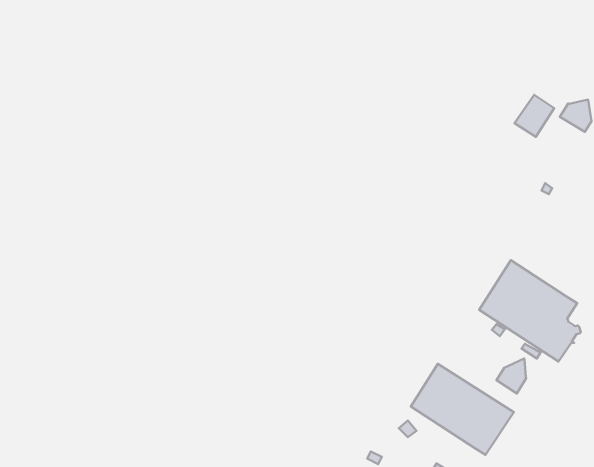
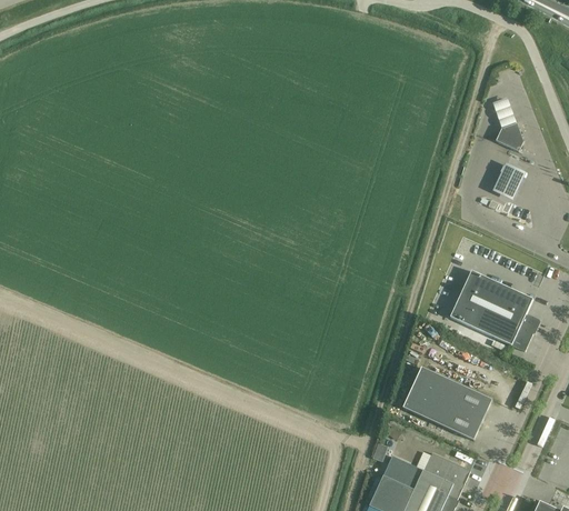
building: [515,95,554,137] -> [491,163,523,199]
building: [496,358,526,393] -> none

